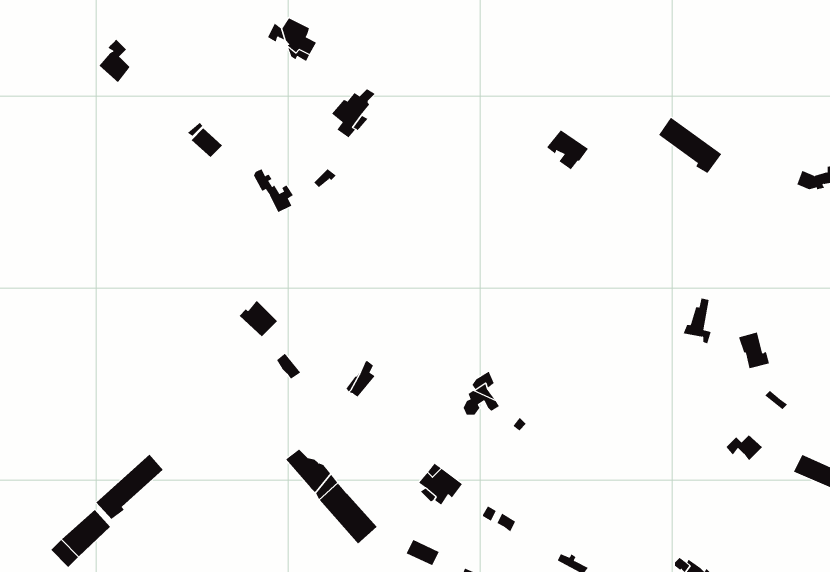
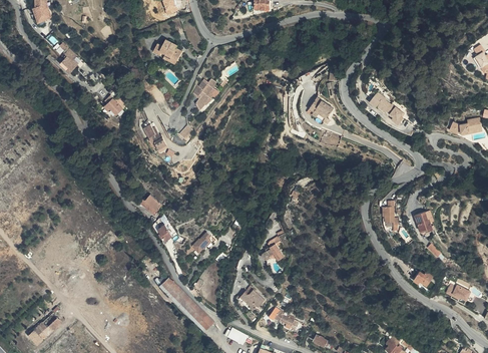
building: [96,454,163,520] -> none

